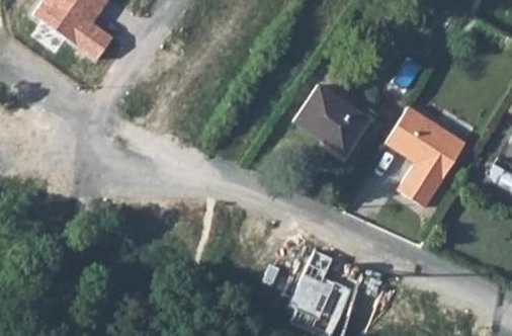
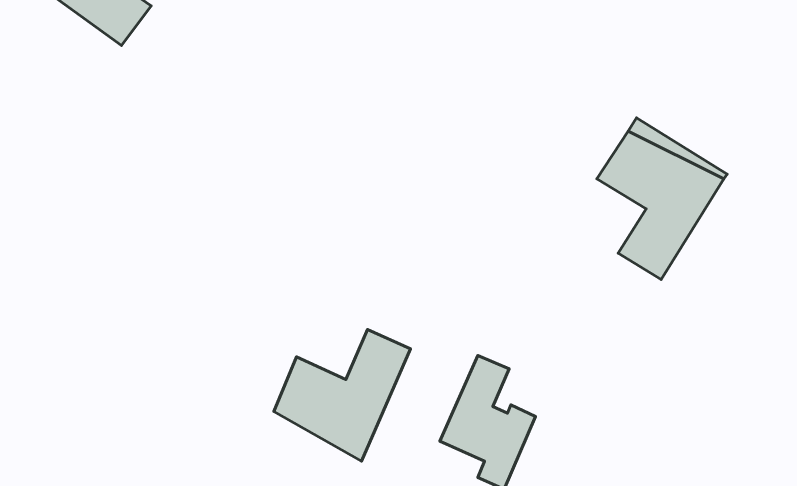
building: [295,83,370,152] -> none
building: none -> [274,330,411,461]

